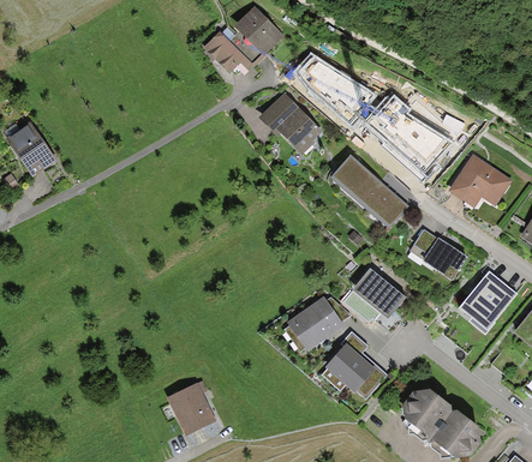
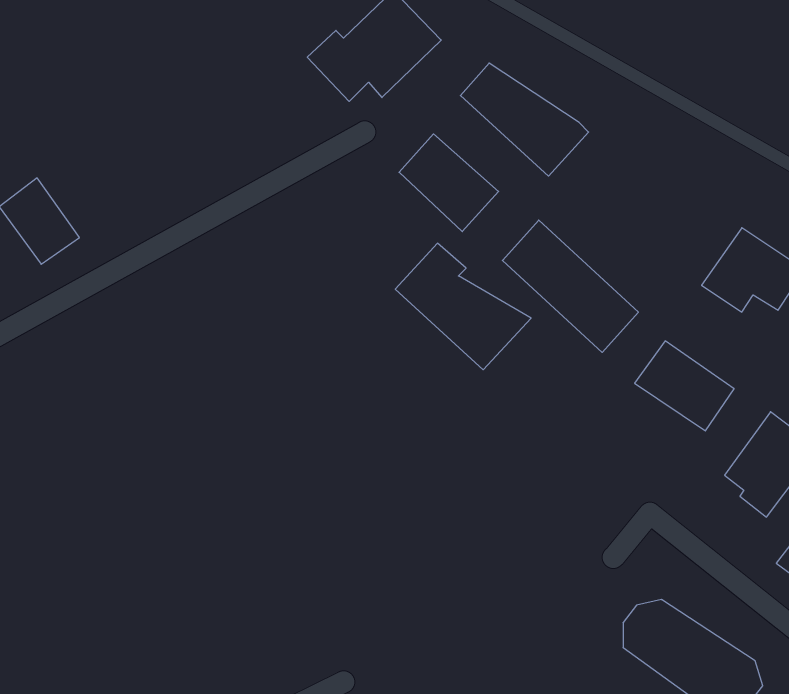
building: [370,92,455,172] -> [395,243,531,370]
building: [347,266,407,325] -> none
building: [283,295,343,352] -> none
building: [318,343,382,404] -> none
building: [165,379,214,436] -> none

